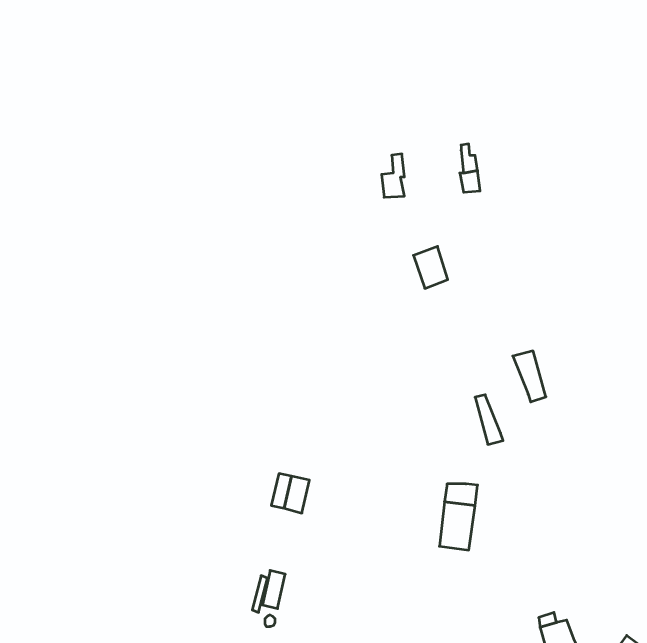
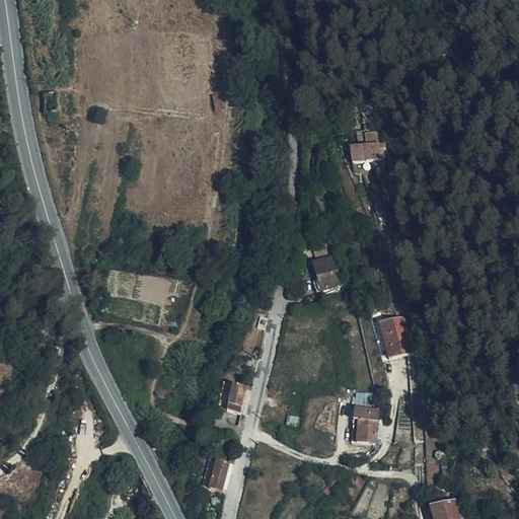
building: [382,154,404,197] -> [351,126,369,160]
building: [413,246,448,288] -> [313,255,341,289]
building: [513,351,546,402] -> [386,316,413,357]

